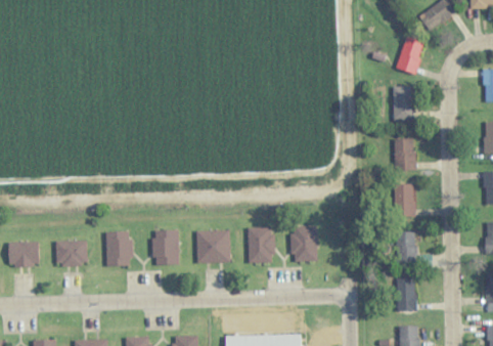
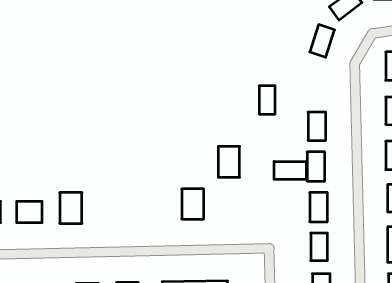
building: [394,87,412,120] -> [259,86,275,114]
building: none -> [274,161,306,179]
building: [292,226,316,262] -> [218,146,240,177]
building: [152,230,178,265] -> none
building: [196,231,229,262] -> none

